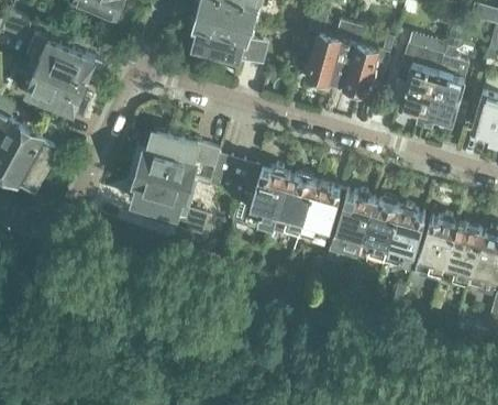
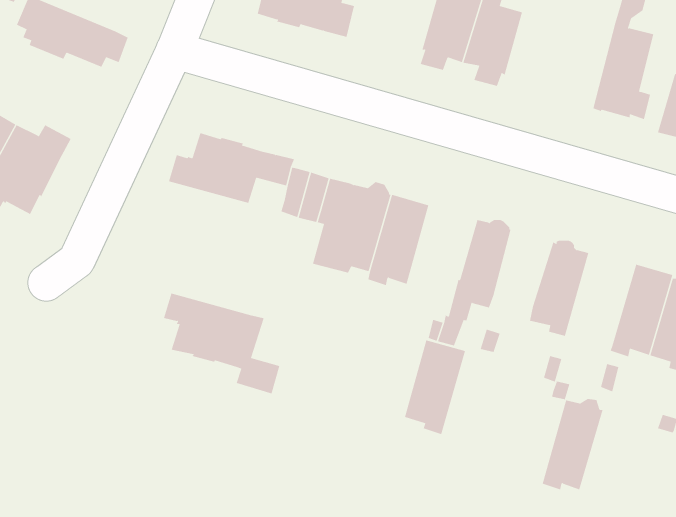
building: [390,45,441,114] -> none
building: [24,70,90,117] -> none
building: [125,165,207,236] -> [163,293,280,394]
building: [297,182,340,249] -> [404,338,466,435]
building: [357,198,398,252] -> none
building: [412,216,455,280] -> [542,398,603,490]

